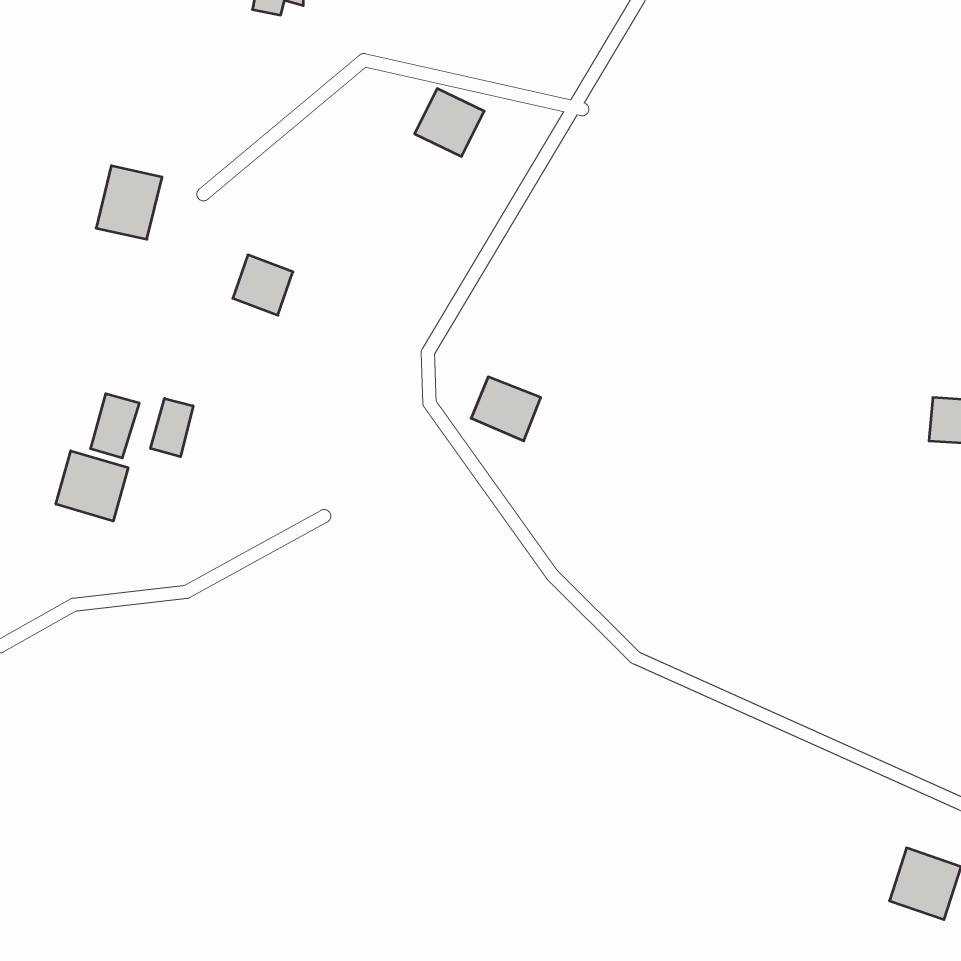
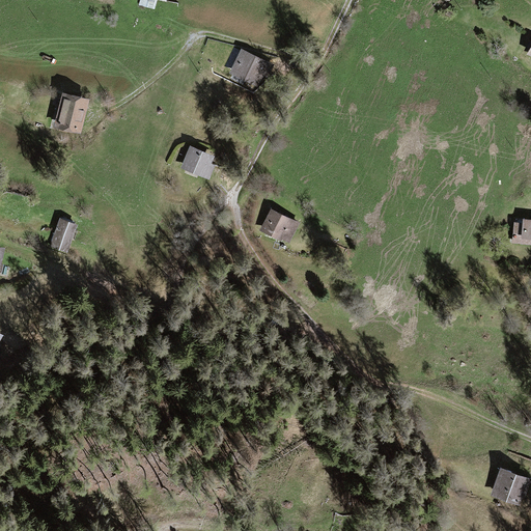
building: [233,255,293,315] -> [181,145,215,178]
building: [151,398,193,457] -> none
building: [56,451,128,521] -> none

